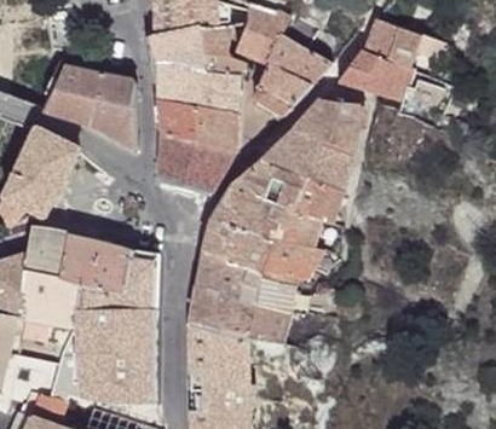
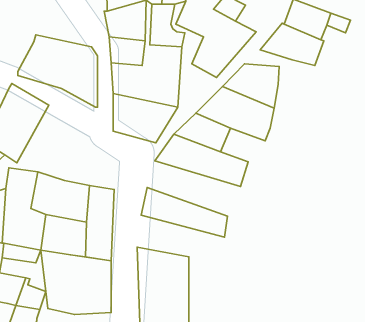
building: [289,178,344,222] -> none
building: [200,218,324,285] -> none
building: [188,284,294,342] -> none

